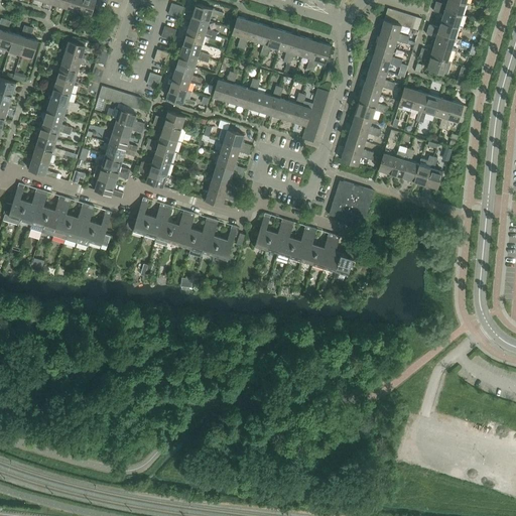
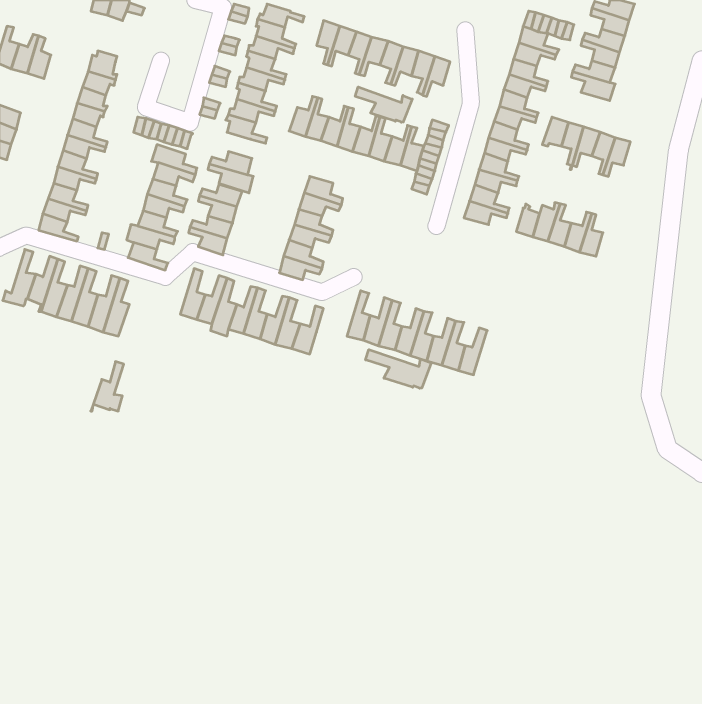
building: none -> [355,87,412,122]
building: [328,179,373,224] -> none
building: [87,210,111,246] -> [91,362,124,411]
building: none -> [366,350,431,388]

